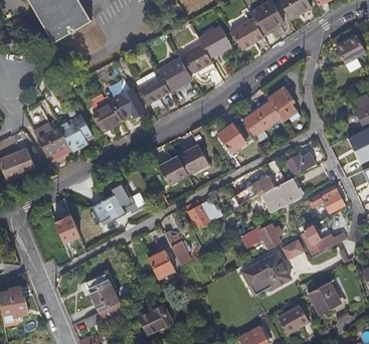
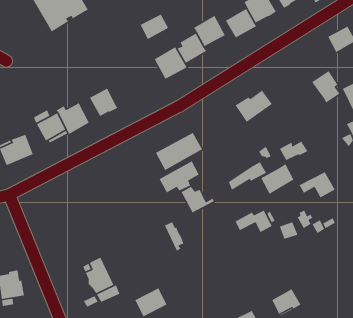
building: [139,76,169,104] -> [140,14,169,40]
building: [266,87,297,121] -> [311,70,341,104]
building: [111,89,144,118] -> none
building: [217,124,245,153] -> none
building: [91,187,134,221] -> [159,160,200,194]
building: [55,211,81,242] -> none
building: [147,250,174,279] -> none
building: [243,254,290,288] -> none
building: [308,282,339,313] -> none

